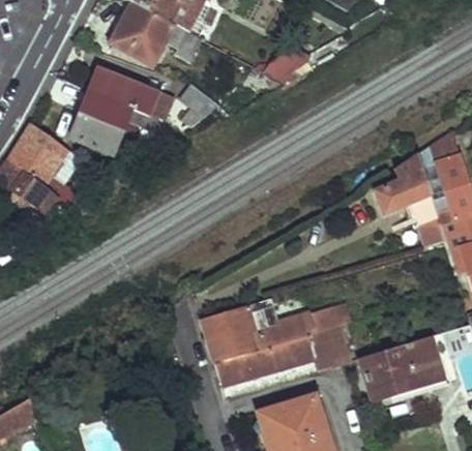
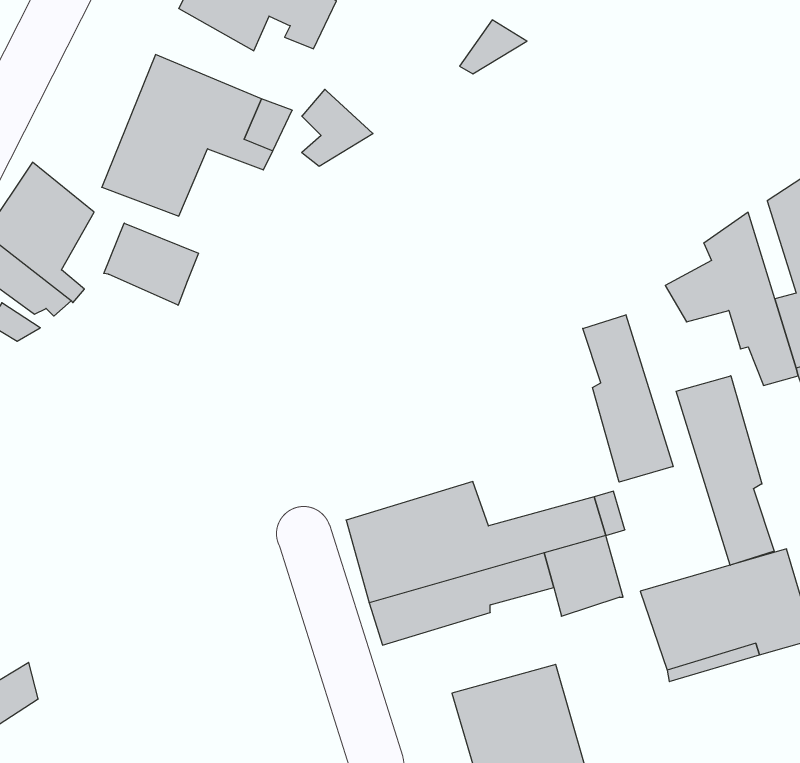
building: none -> [104,223,199,305]
building: none -> [583,315,673,482]
building: none -> [676,376,774,565]

